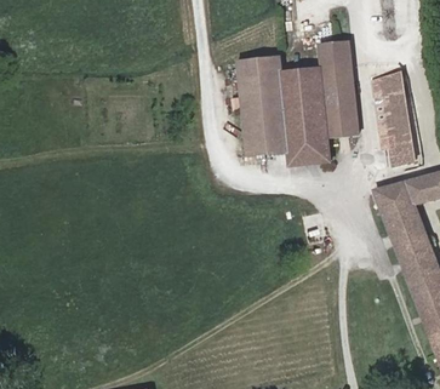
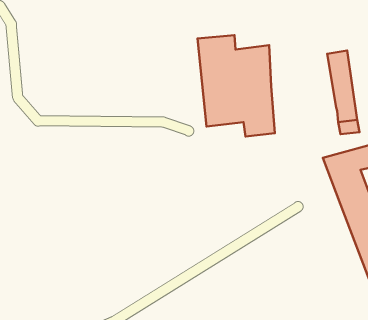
building: [319,41,358,136] -> none

